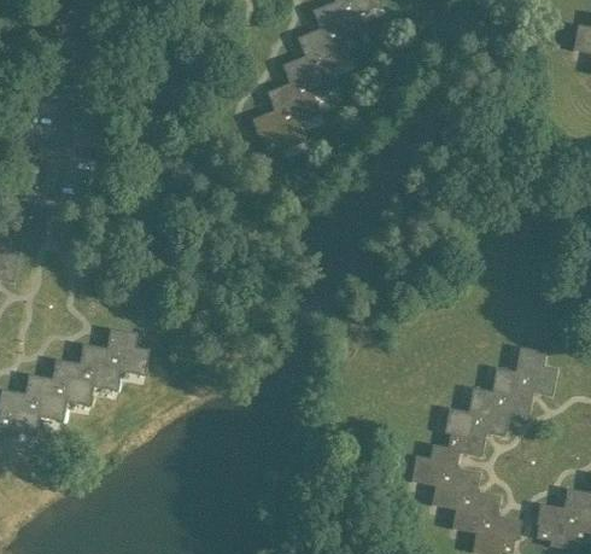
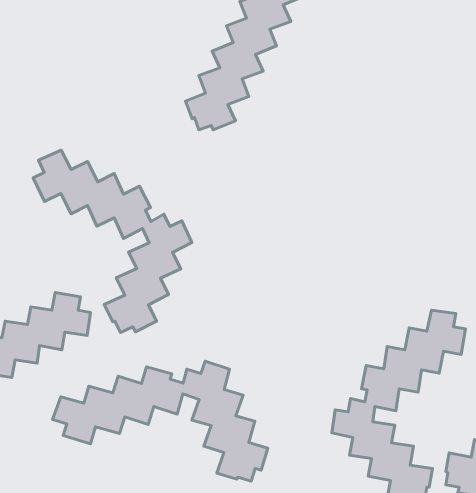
building: none -> [33,150,192,333]
building: none -> [53,361,268,481]

